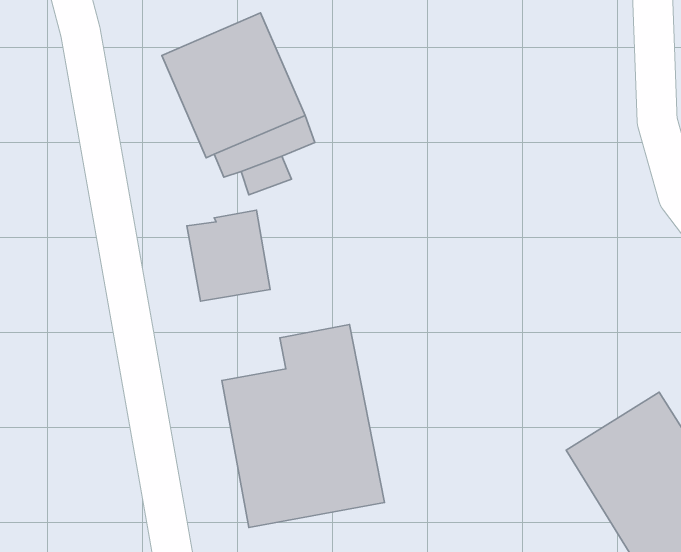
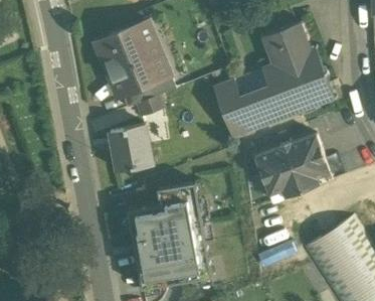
building: none -> [211,21,324,137]
building: none -> [254,133,332,200]

